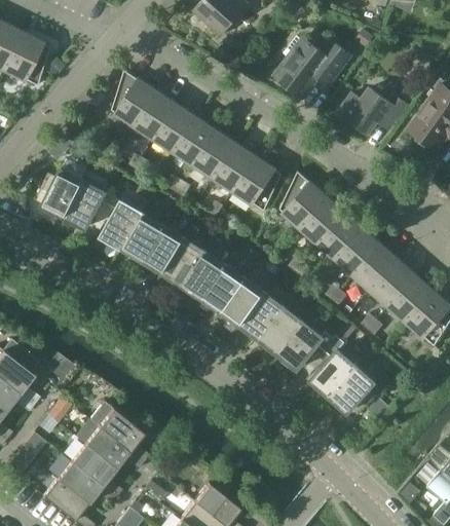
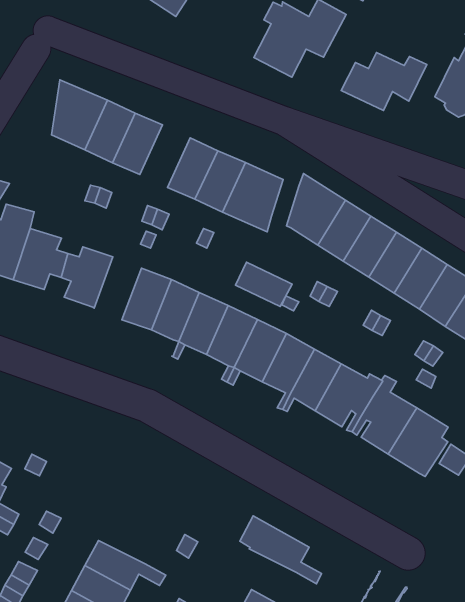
building: [173,117,216,165] -> none
building: [121,212,162,261] -> none
building: none -> [235,262,292,306]
building: [89,402,148,461] -> [240,516,322,584]

